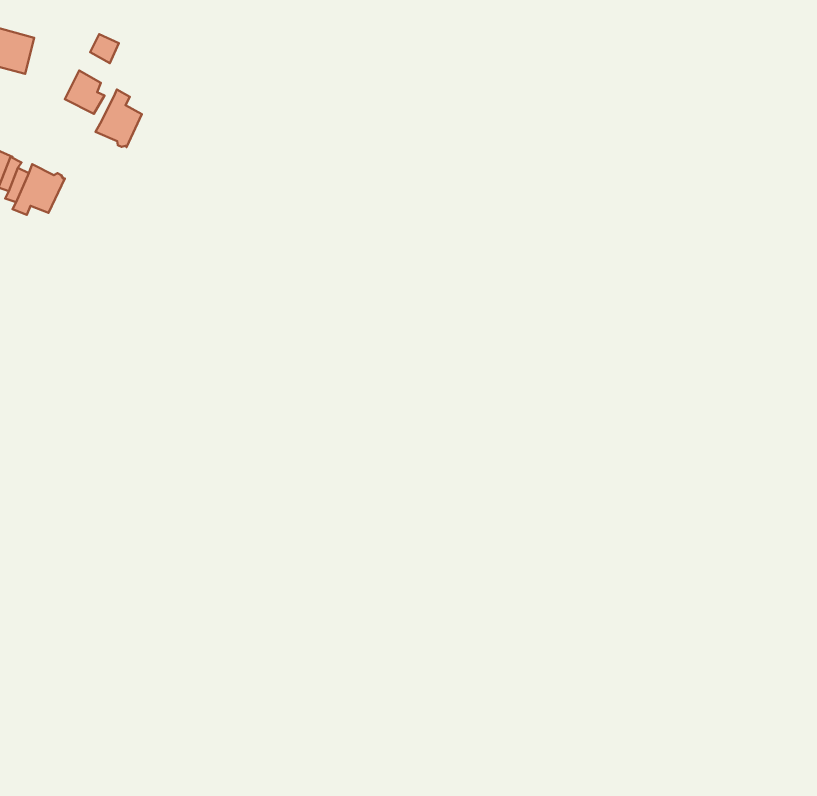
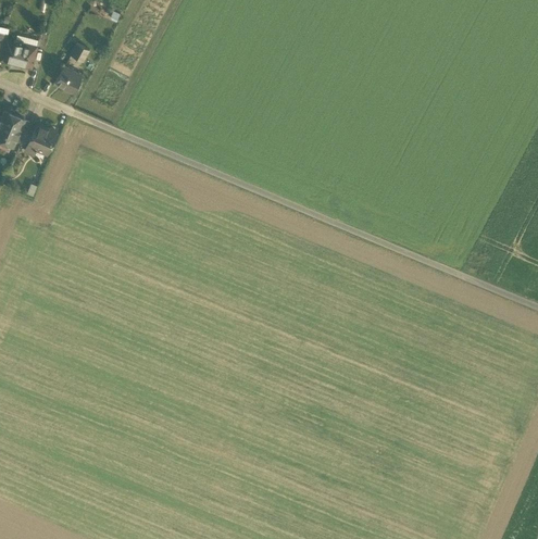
building: [96,89,142,147] -> none

